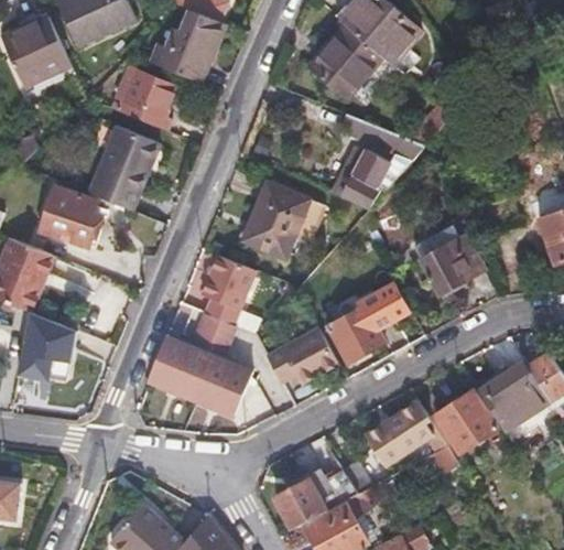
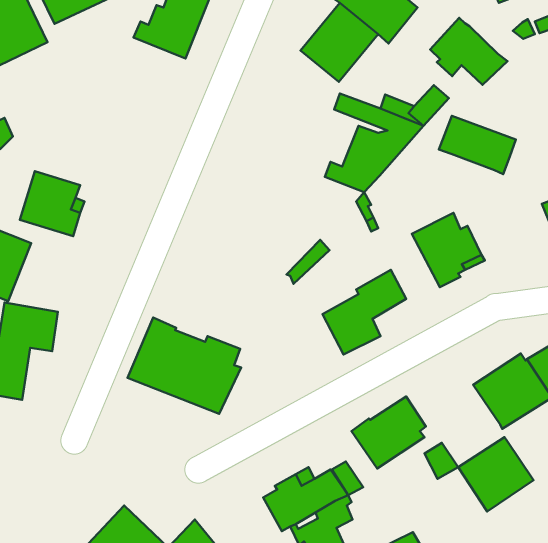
building: none -> [430,18,508,85]
building: [118,72,177,132] -> none
building: [90,128,159,211] -> none
building: none -> [439,116,516,174]
building: [247,185,313,259] -> none
building: [181,245,260,344] -> none
building: [265,323,337,387] -> none
building: [427,387,499,457] -> [458,437,534,511]

